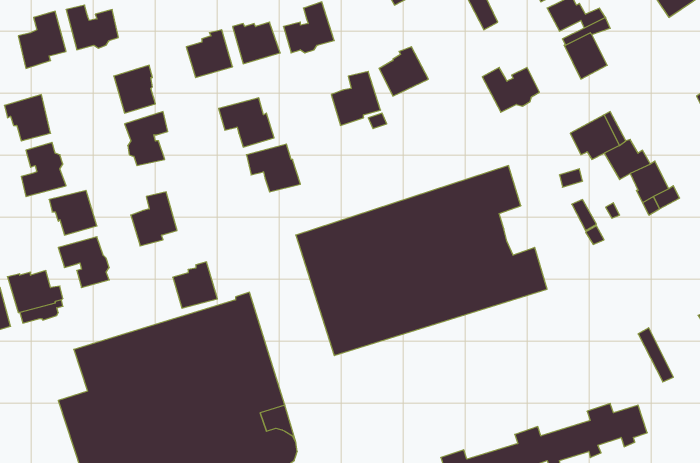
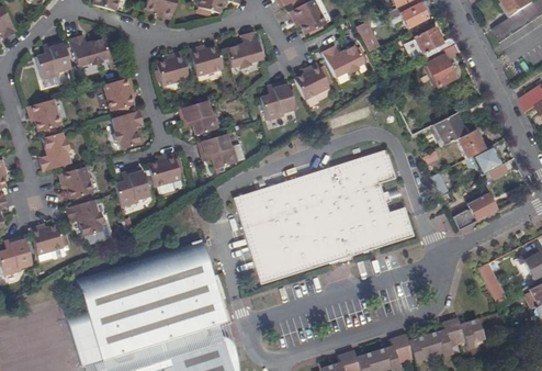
building: [482,67,539,112] -> [323,45,363,77]
building: none -> [453,192,496,229]
building: [173,262,217,308] -> [149,151,181,184]

